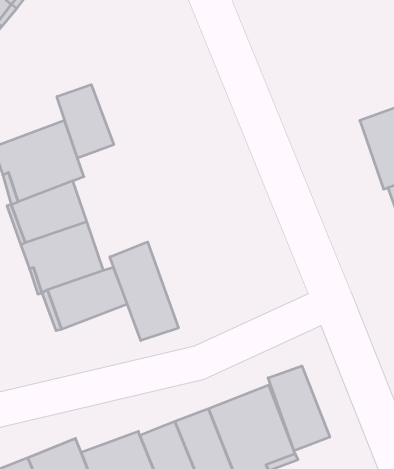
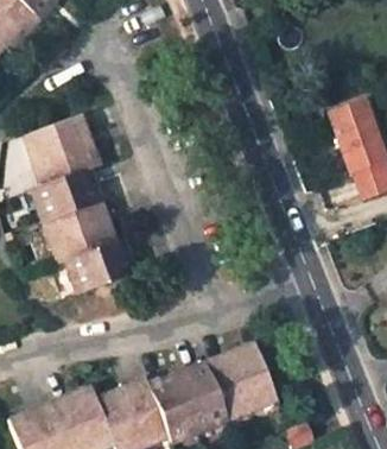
building: [57,85,114,158] -> none
building: [110,242,178,341] -> none
building: [268,366,330,451] -> none

